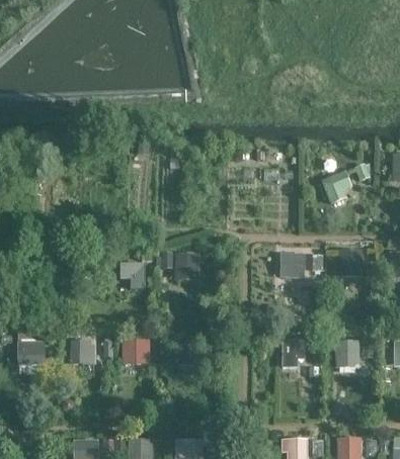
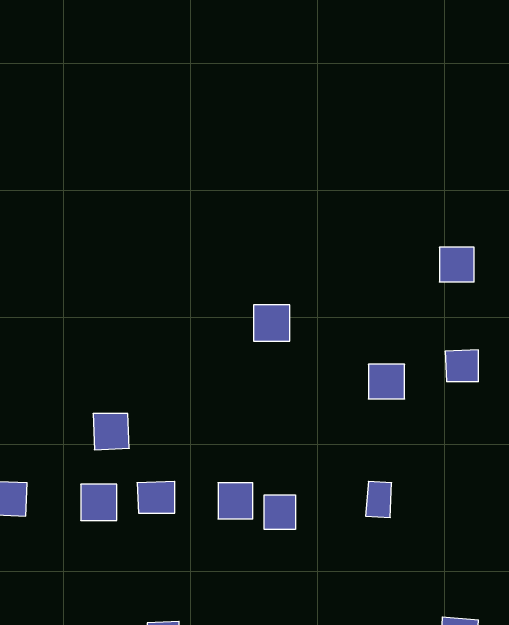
building: [178,258,204,283] -> [254,305,290,341]
building: [117,263,143,288] -> [93,414,129,450]
building: [336,341,361,366] -> none
building: none -> [264,495,295,529]

